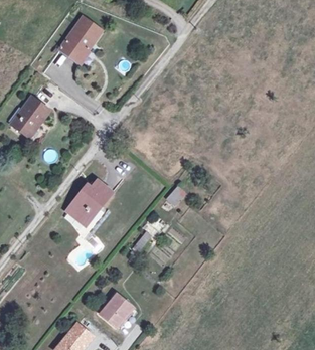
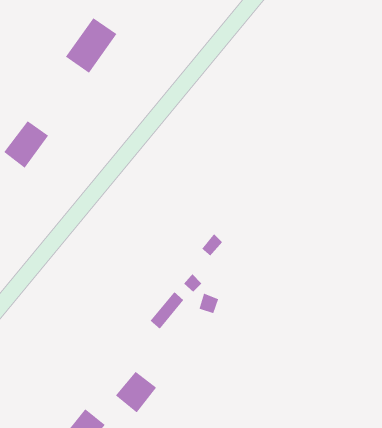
building: [65,179,112,223] -> none

